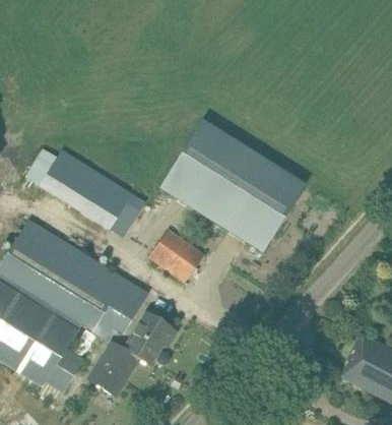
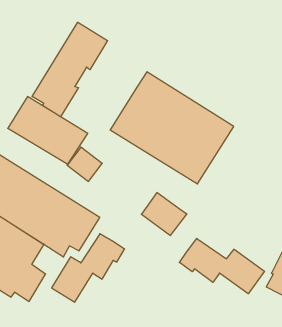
building: none -> [32,22,108,117]
building: [149,229,203,280] -> [141,193,187,235]
building: none -> [179,238,264,294]

